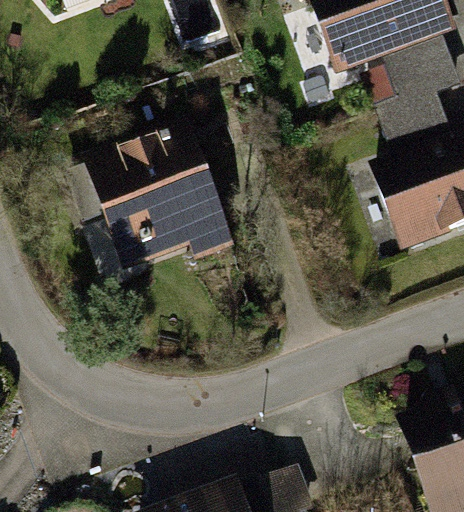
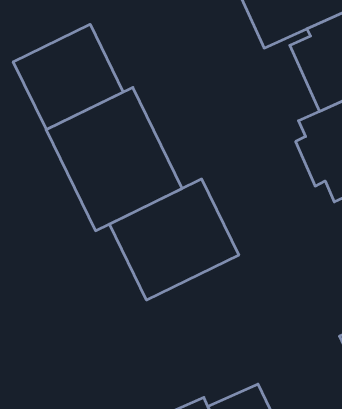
building: none -> [13,24,123,130]
building: none -> [109,179,239,300]

